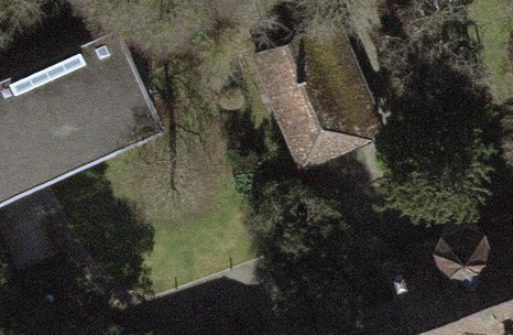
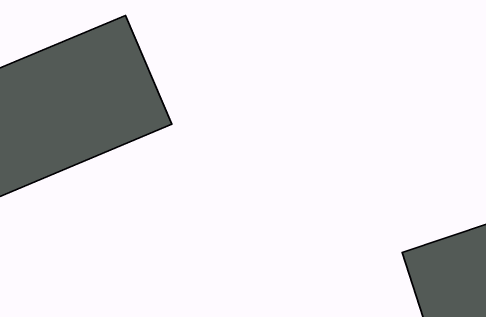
building: [262,24,395,176] -> none

